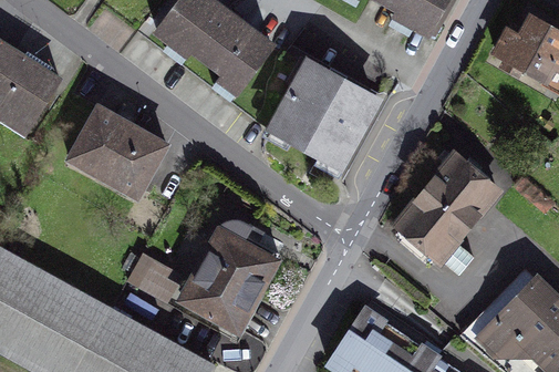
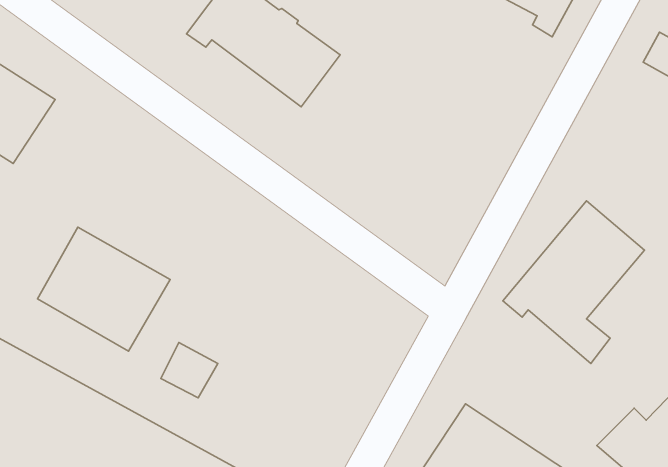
building: [276,60,374,182] -> none
building: [70,106,168,198] -> [37,227,170,351]
building: [185,220,280,329] -> none

